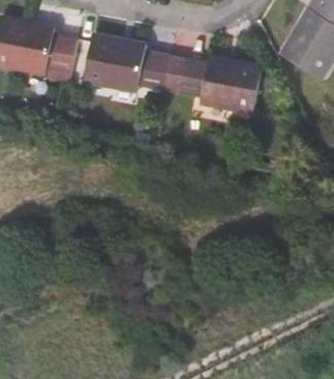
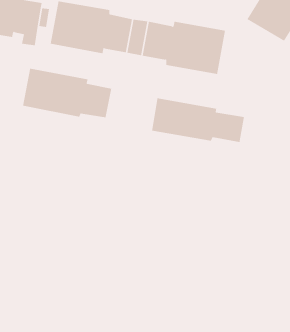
building: none -> [23,68,112,118]
building: none -> [152,98,245,143]

